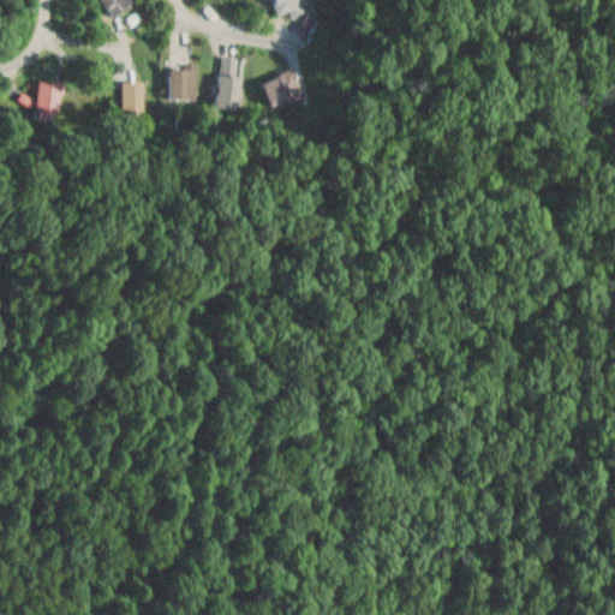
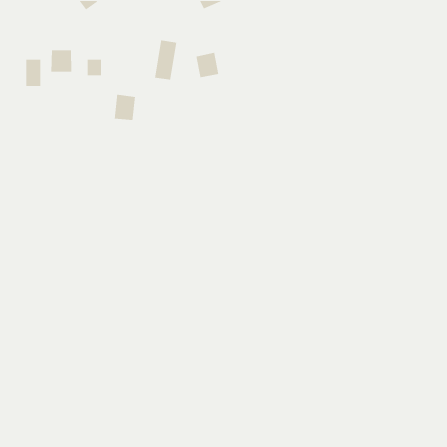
building: [166,64,196,101] -> [114,94,136,121]
building: none -> [51,50,72,72]

